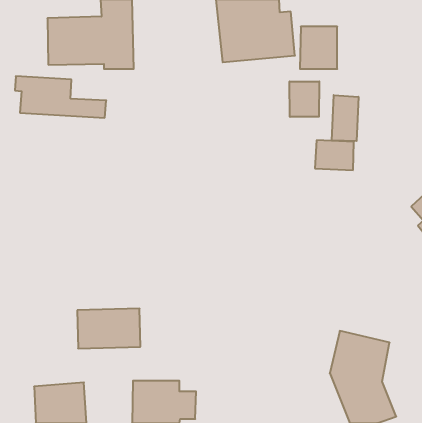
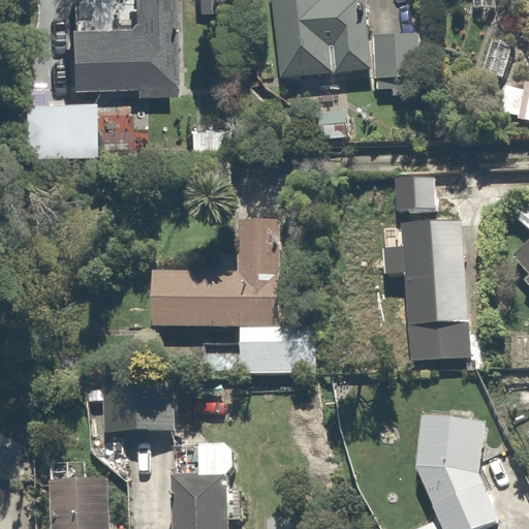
building: [290,81,319,117] -> none
building: [332,95,358,141] -> none
building: none -> [399,219,476,363]
building: none -> [151,221,307,373]

